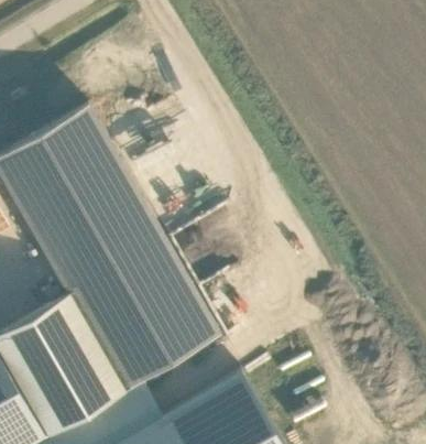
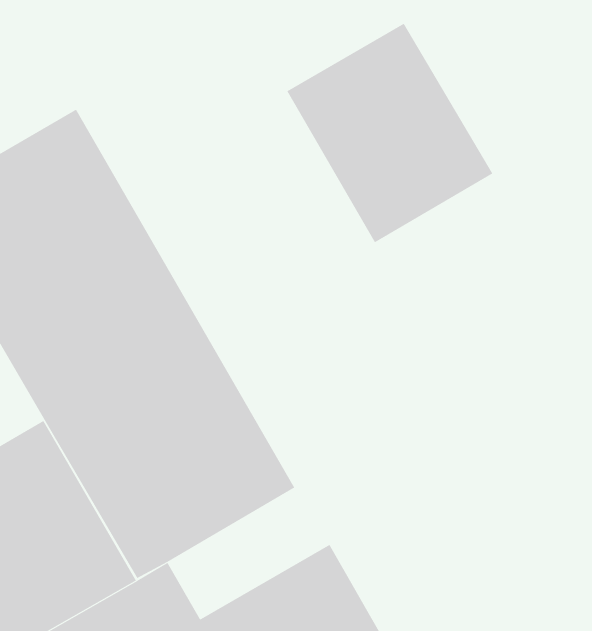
building: none -> [287,23,493,243]

